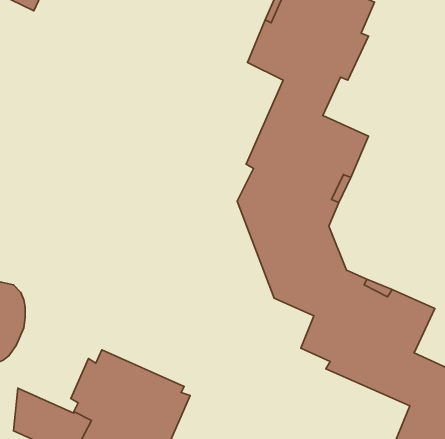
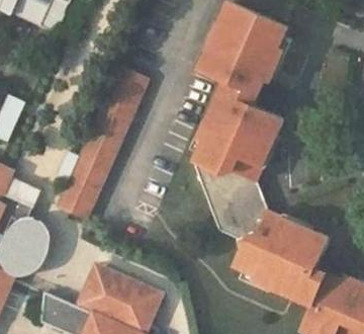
building: none -> [55,64,147,219]

